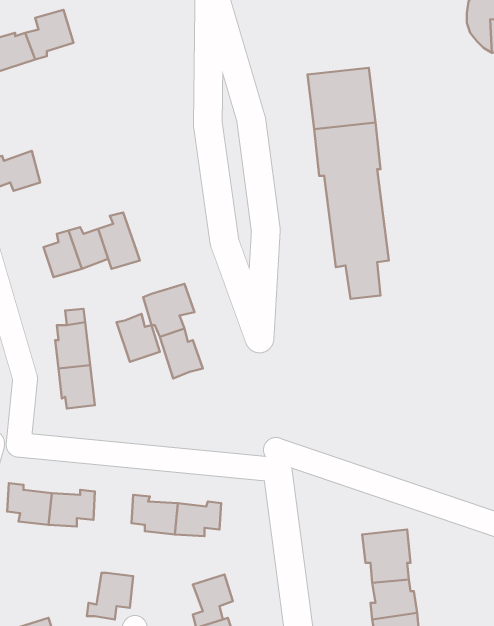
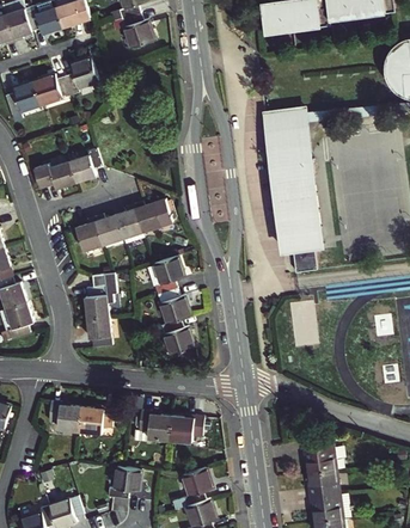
building: none -> [66,149,100,185]
building: none -> [131,198,179,234]
building: [117,314,160,362] -> [161,321,192,356]

